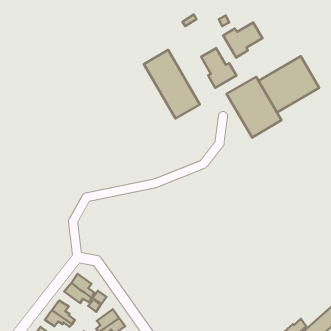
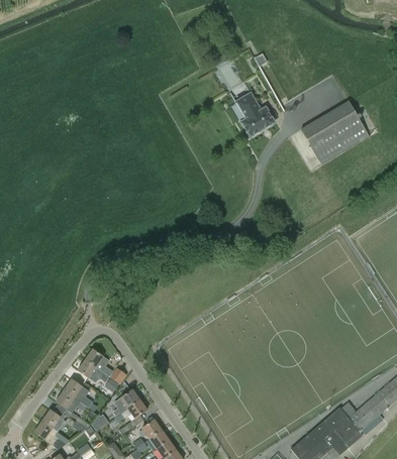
building: [223,22,262,58] -> none
building: [144,50,200,119] -> none
building: [227,77,281,137] -> none

